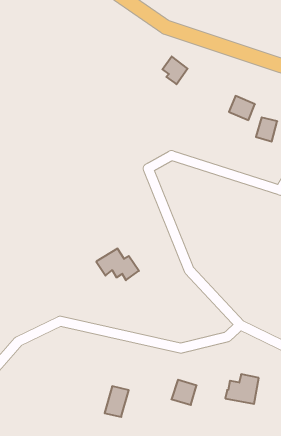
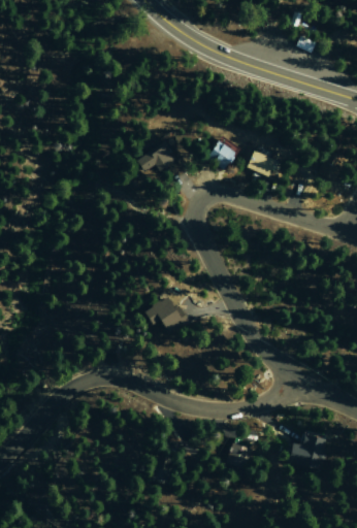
building: [162,56,188,84] -> [209,139,237,170]
building: [229,96,255,120] -> [247,150,275,176]
building: none -> [135,142,175,172]

